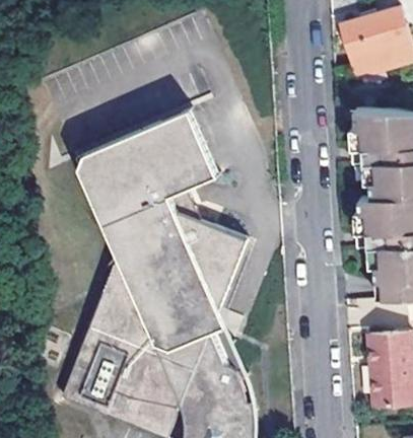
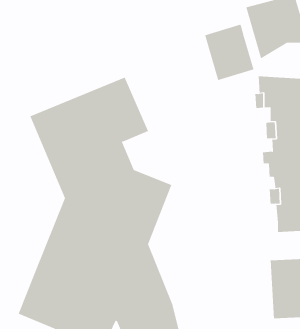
building: none -> [204,24,254,81]

